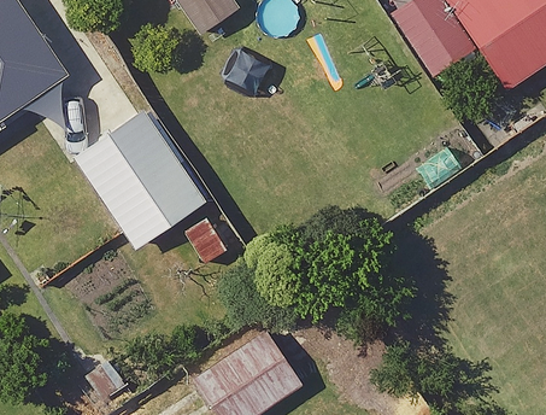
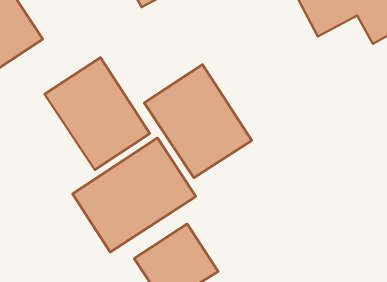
building: none -> [144,65,252,178]
building: none -> [73,138,196,252]

